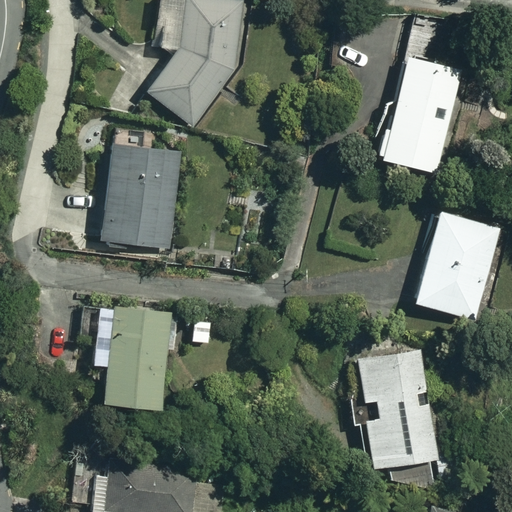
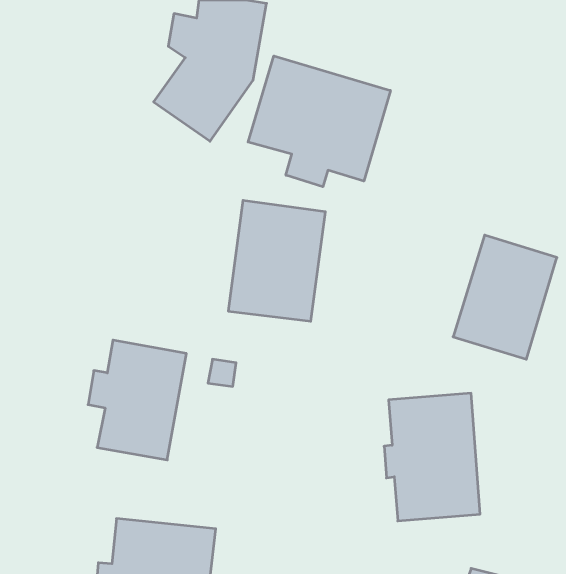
building: none -> [248,56,390,187]
building: [376,55,464,173] -> none
building: [99,142,185,249] -> [228,200,325,321]

